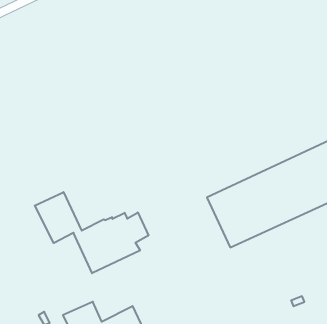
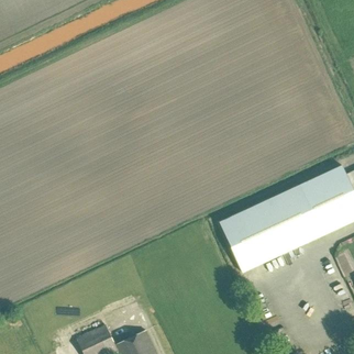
building: [35,192,148,273] -> none

